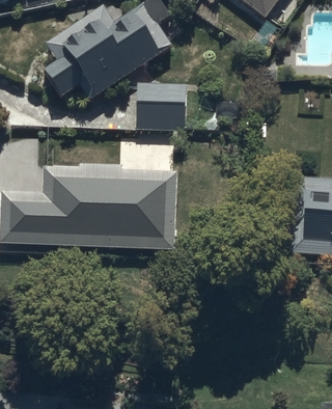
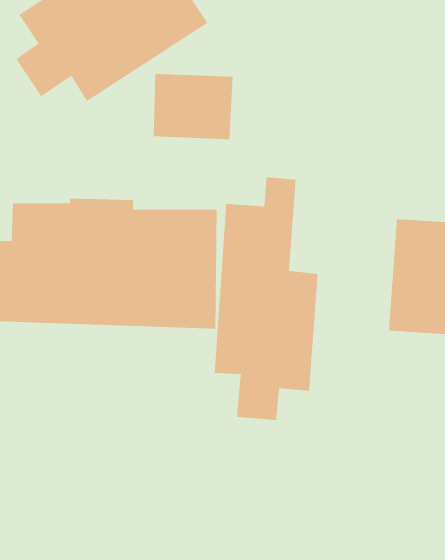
building: none -> [214,177,318,421]

